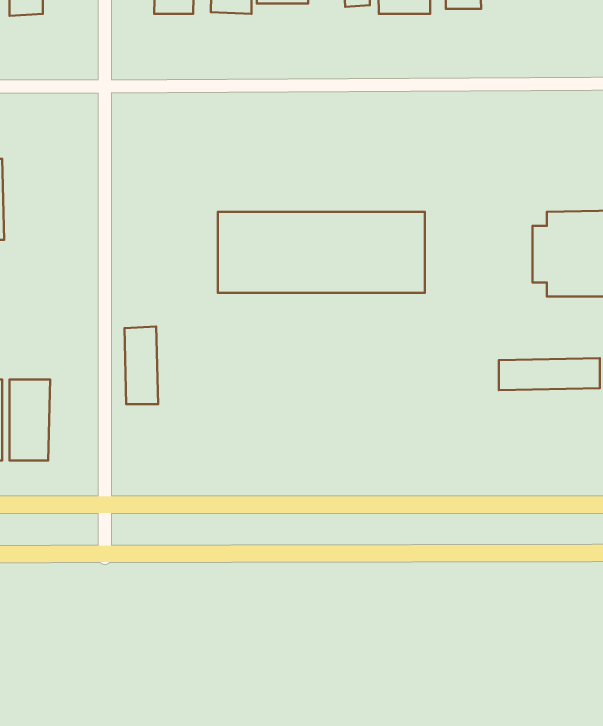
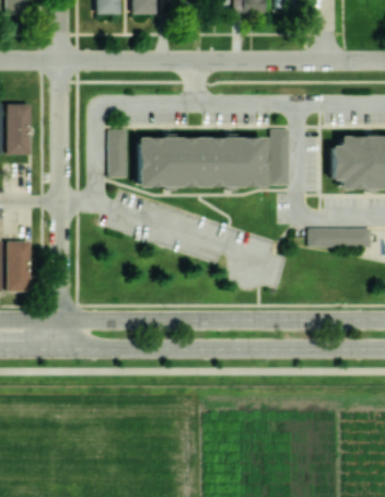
building: none -> [7,104,31,154]
building: none -> [270,128,291,185]
building: [124,326,158,404] -> [108,129,129,177]

